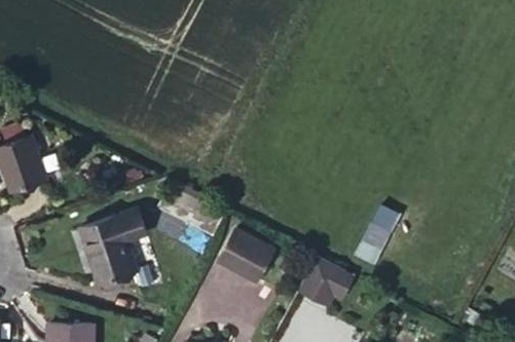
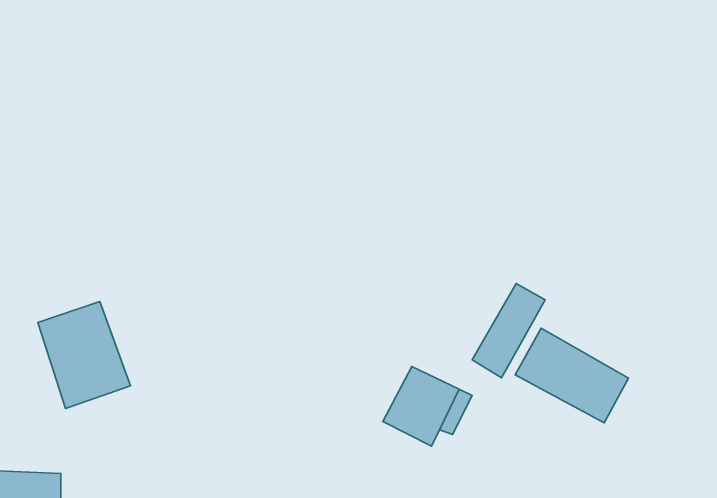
building: [216,226,275,282] -> none
building: none -> [515,328,629,423]

